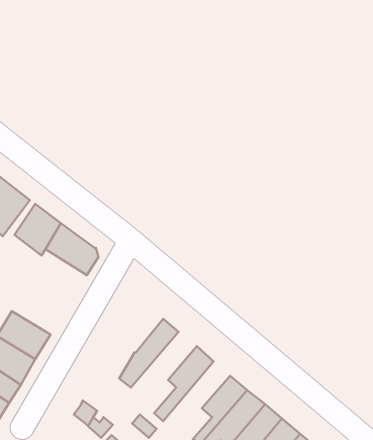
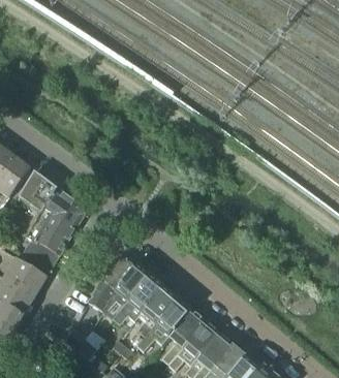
building: none -> [22,208,75,272]
building: none -> [88,258,136,312]
building: none -> [111,274,163,325]
building: none -> [136,297,190,351]

